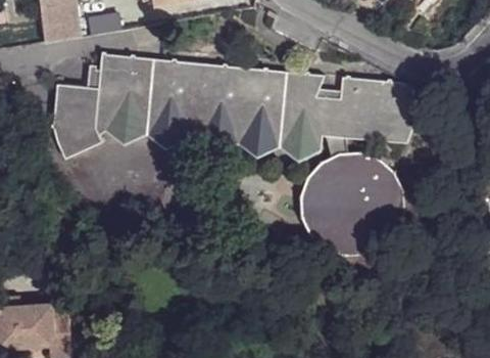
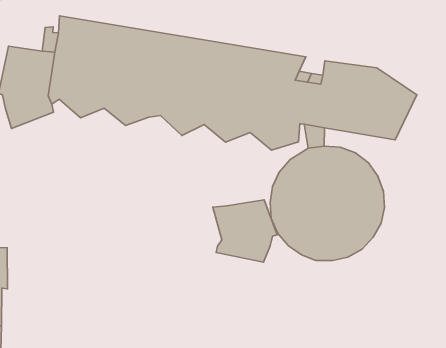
building: none -> [213,200,277,262]

